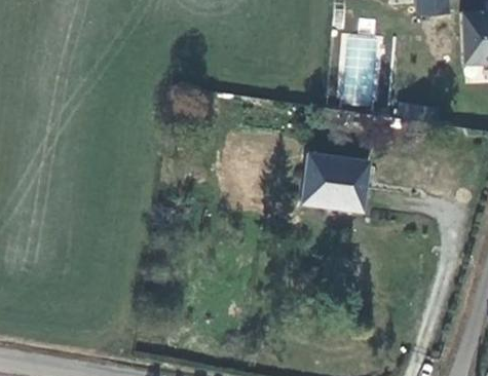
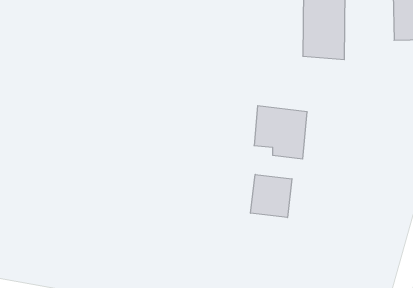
building: none -> [251,174,292,218]

